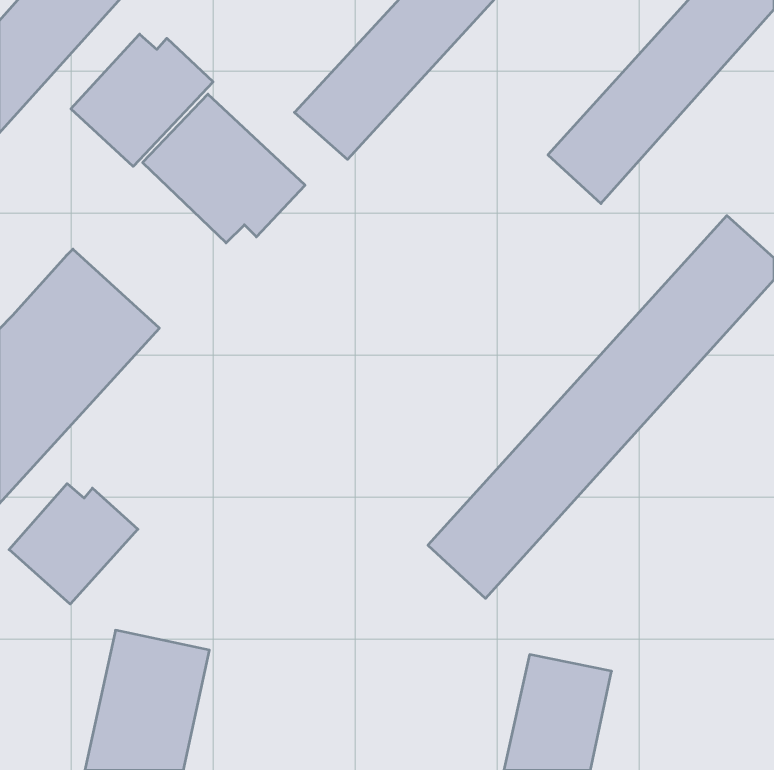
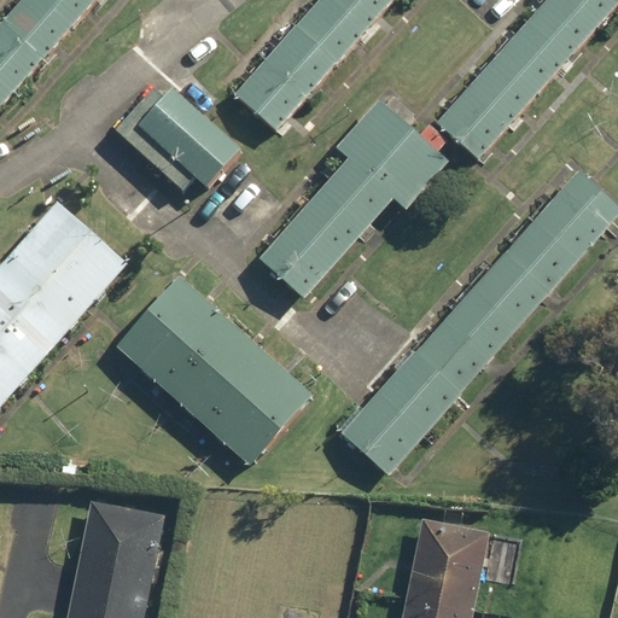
building: [71,34,213,166] -> none
building: none -> [255,94,448,301]
building: none -> [113,274,311,466]
building: [9,484,138,604] -> none

